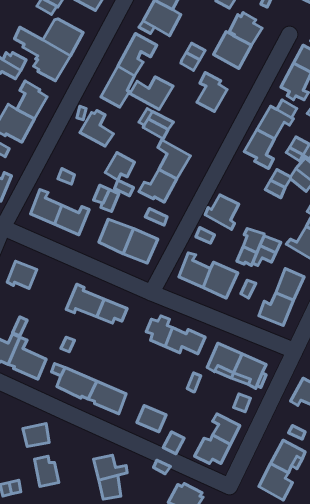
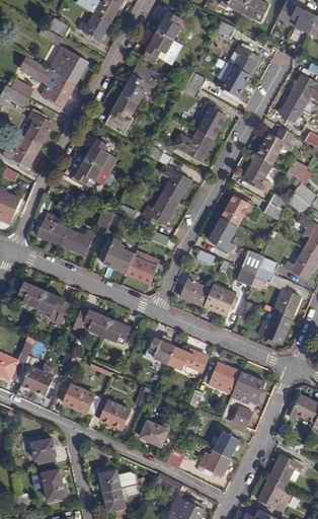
building: [130,77,173,109] -> [173,129,215,160]
building: [105,153,135,180] -> [74,158,102,184]
building: none -> [220,195,255,227]
building: none -> [36,290,65,315]

